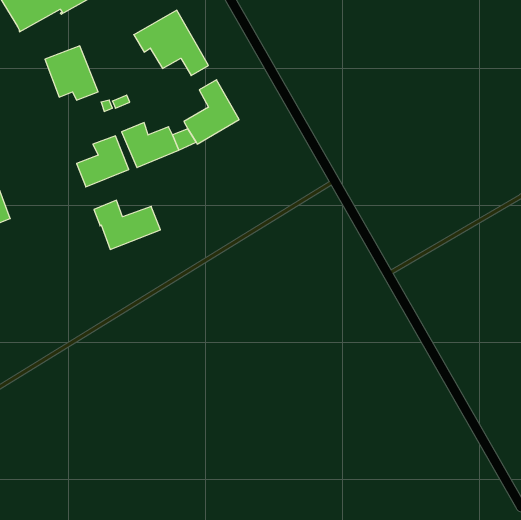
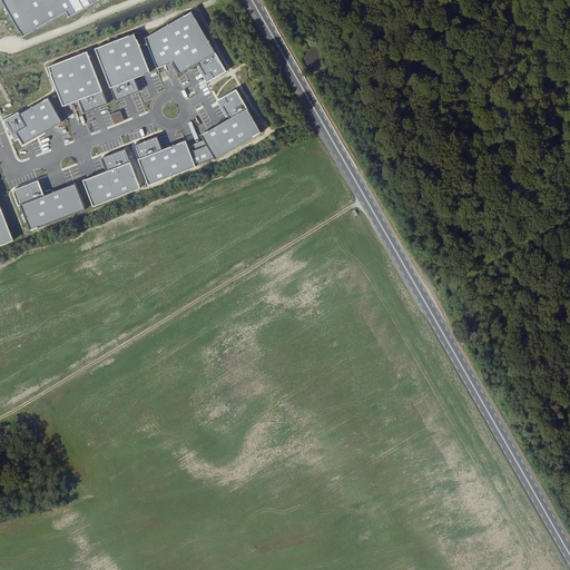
building: none -> [95,33,149,100]
building: none -> [7,100,61,142]
building: [94,200,160,249] -> [13,177,86,230]

